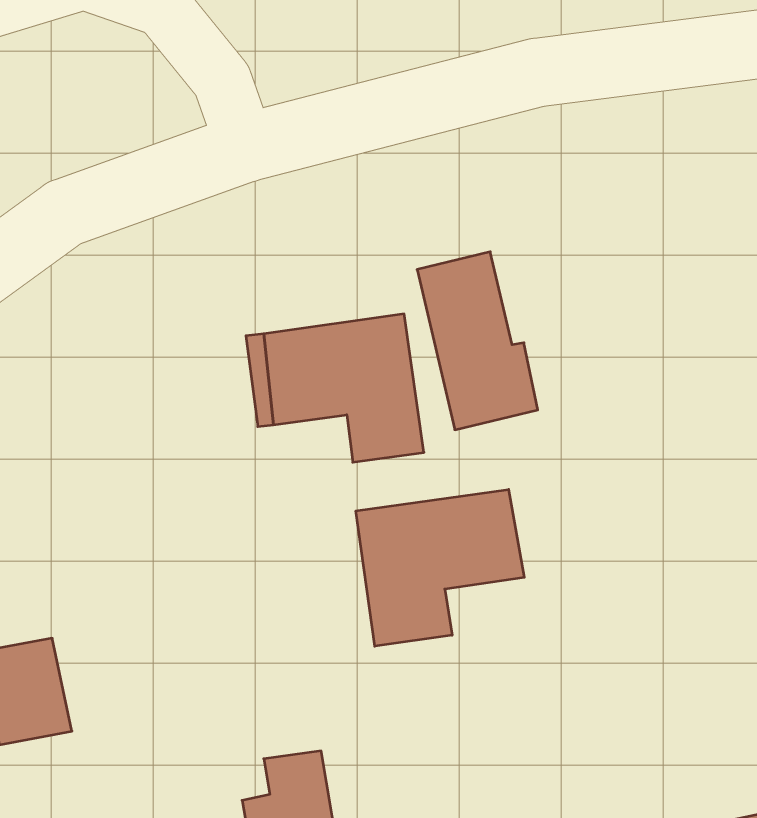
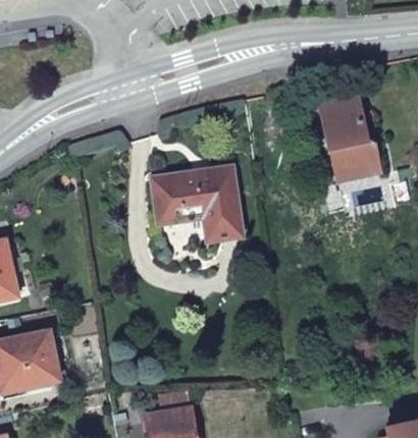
building: [417,252,538,430] -> [319,92,381,183]
building: [356,489,524,646] -> none

